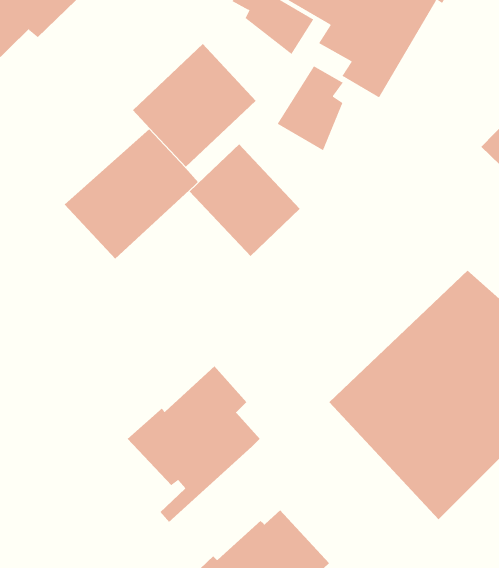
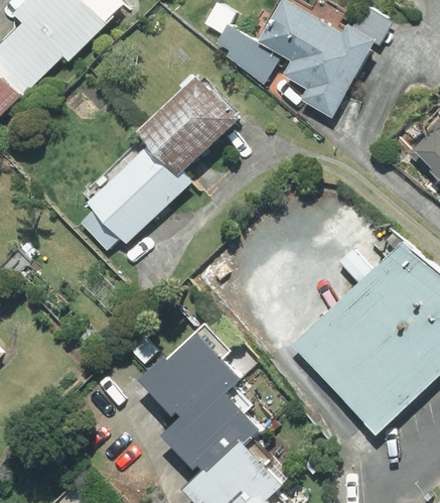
building: [277,65,344,151] -> none
building: [189,144,300,257] -> none
building: none -> [168,383,256,470]

